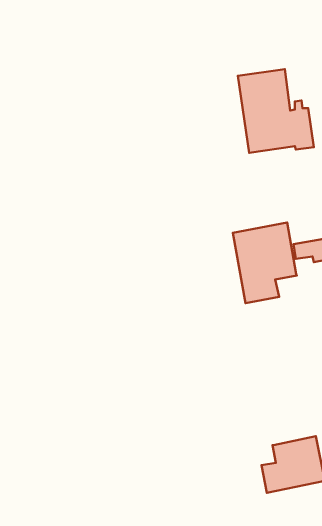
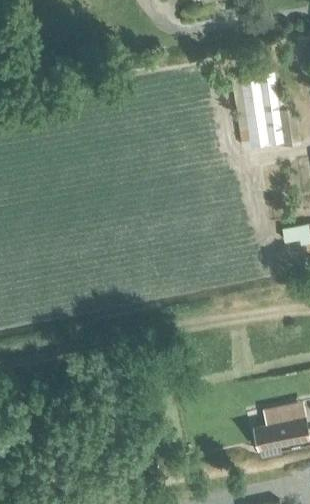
building: [233,223,297,303] -> none

